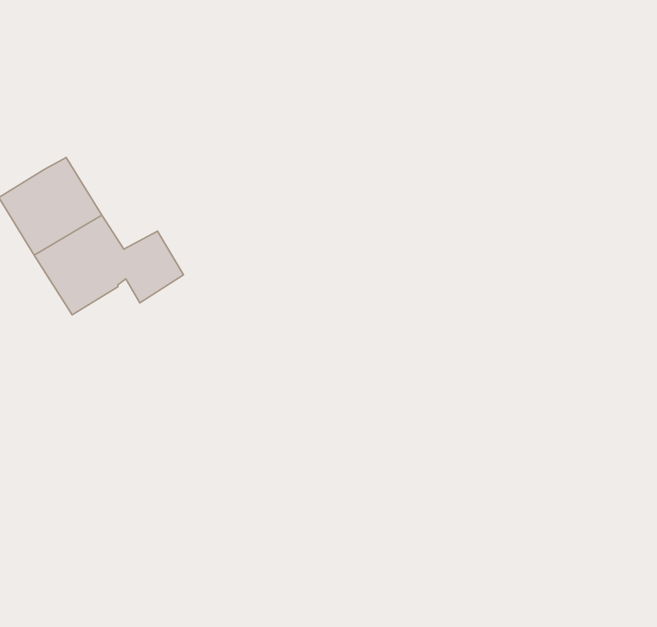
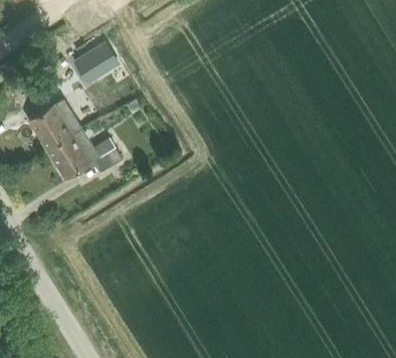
building: none -> [75,42,120,81]

